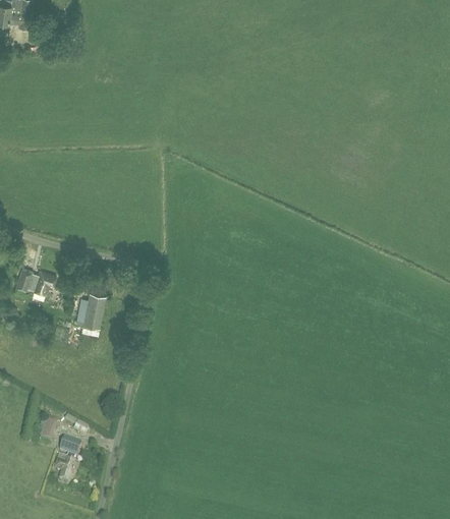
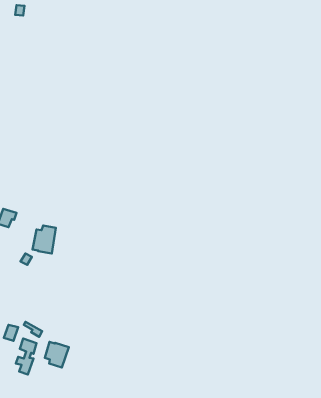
building: none -> [45,342,69,367]

